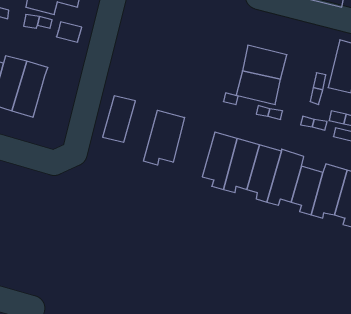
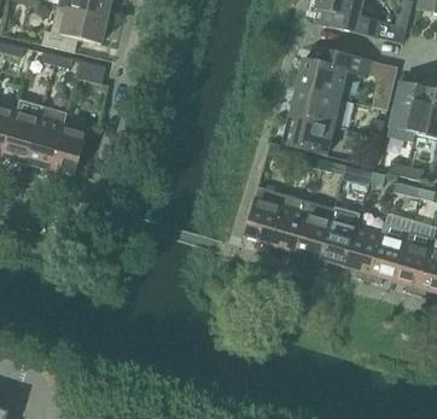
building: none -> [296,47,396,109]
building: [103,96,135,142] -> [51,122,88,175]
building: [144,110,185,165] -> none

